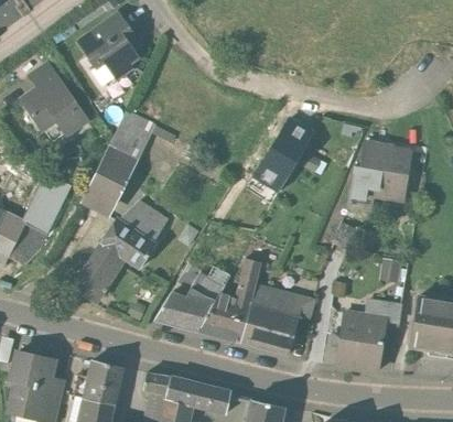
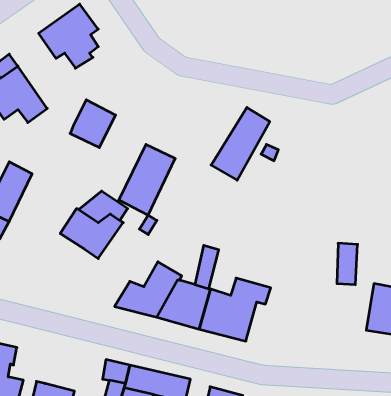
building: [347,141,411,207] -> none
building: [82,143,139,215] -> [119,144,175,215]
building: [74,245,123,300] -> none
building: [334,310,388,370] -> none
building: [77,359,122,404] -> none

